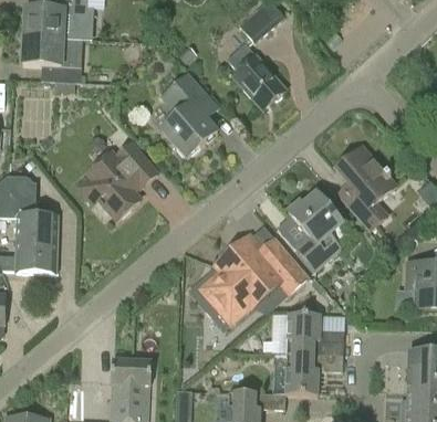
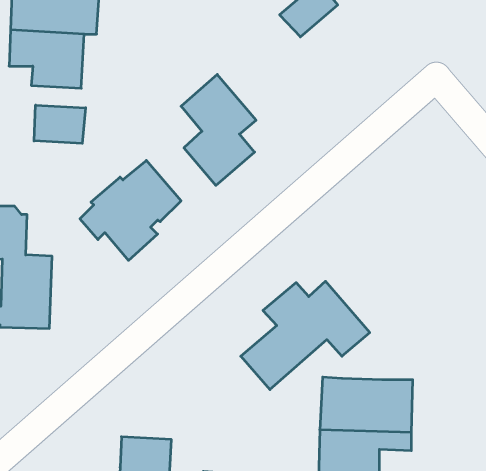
building: [227,42,287,109] -> none
building: none -> [34,105,86,143]
building: [335,146,396,231] -> none
building: [288,191,343,271] -> none

